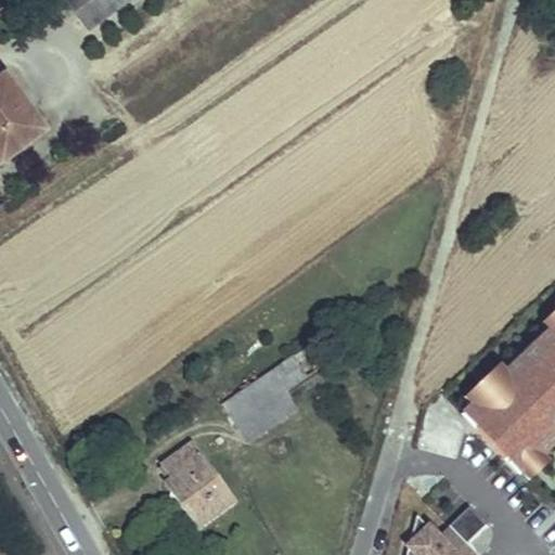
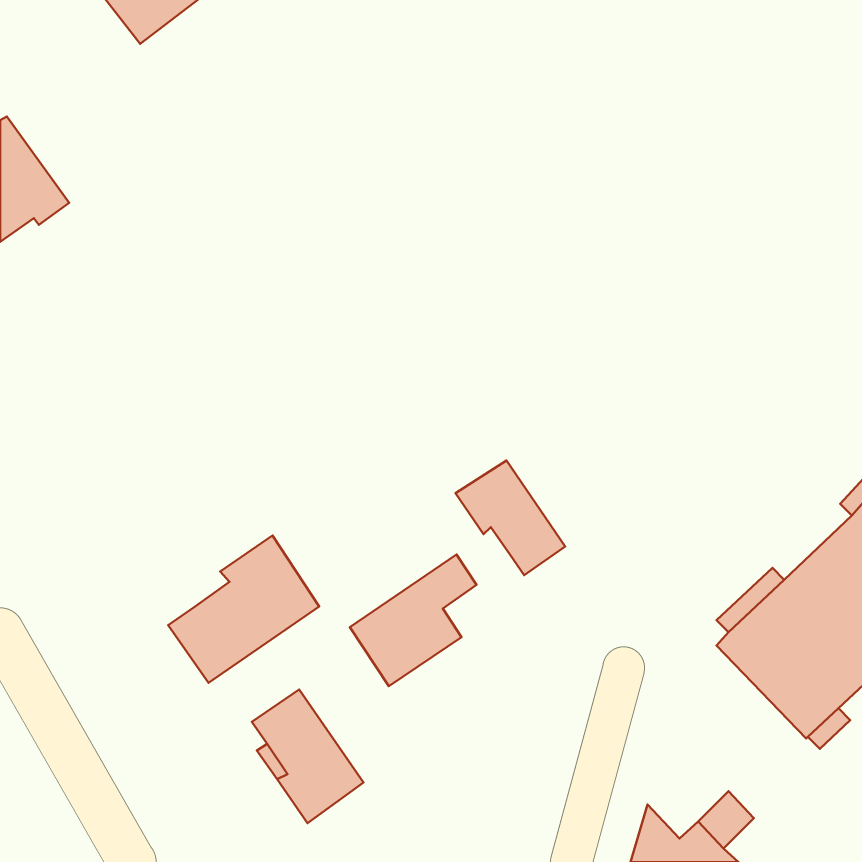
building: none -> [456,460,565,575]
building: none -> [168,535,319,683]

